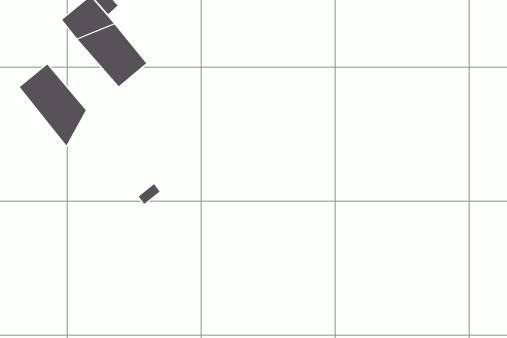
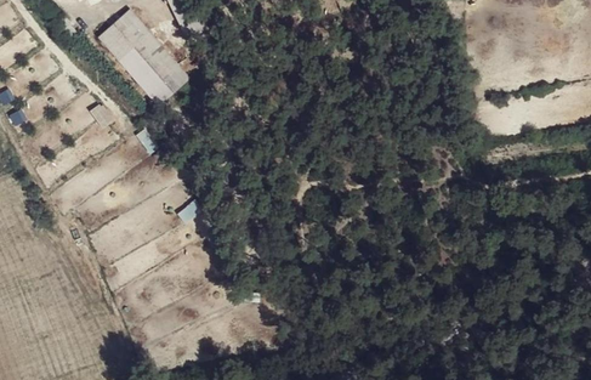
building: [19,63,87,146] -> none

